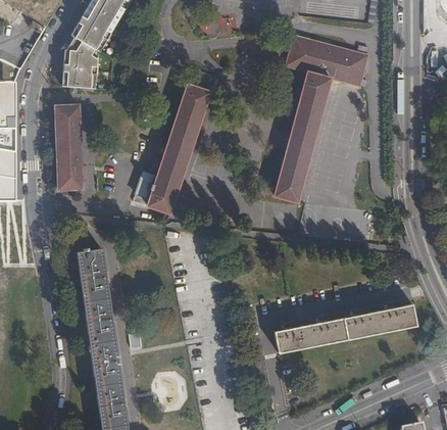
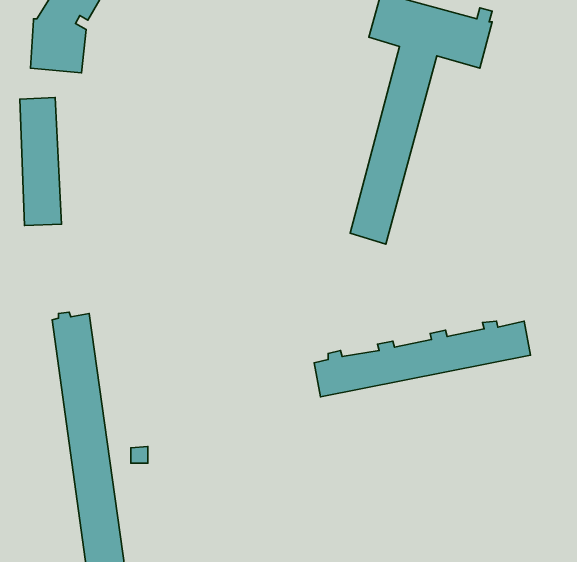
building: [133,68,215,212] -> none
building: [275,302,417,352] -> [314,321,530,397]

